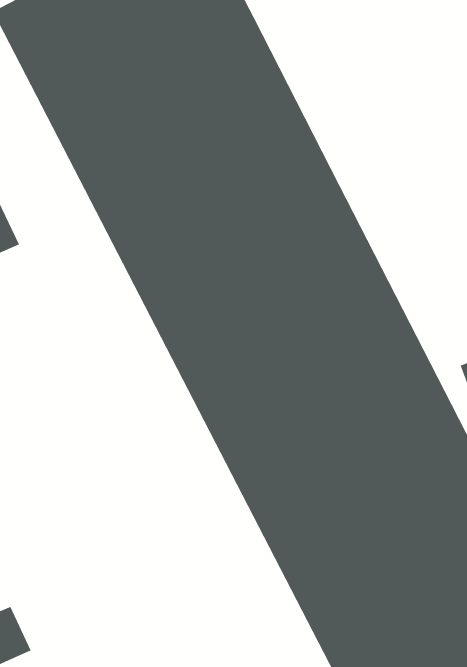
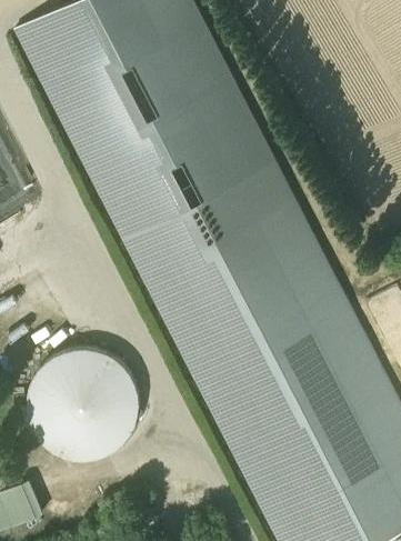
building: none -> [28,351,138,461]

